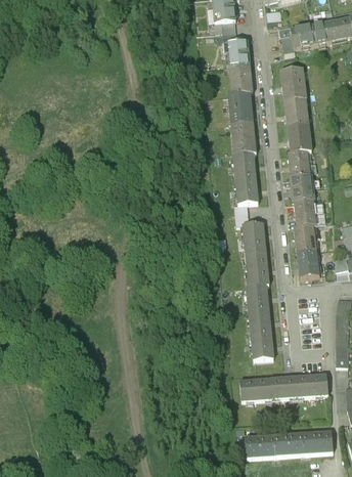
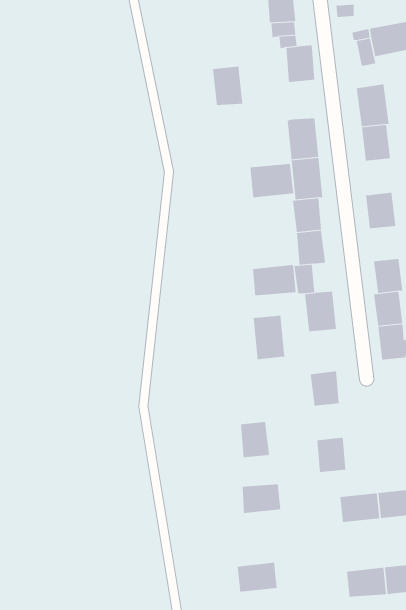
building: [229,63,253,93] -> [212,66,243,106]
building: [288,123,310,150] -> none
building: none -> [250,163,294,198]
building: [291,174,313,201] -> none
building: none -> [252,264,296,296]
building: [245,252,269,286] -> [253,315,285,360]
building: [249,308,271,336] -> [240,421,270,458]
building: [240,379,270,401] -> [242,484,281,513]
building: [245,435,275,458] -> [237,562,277,592]

